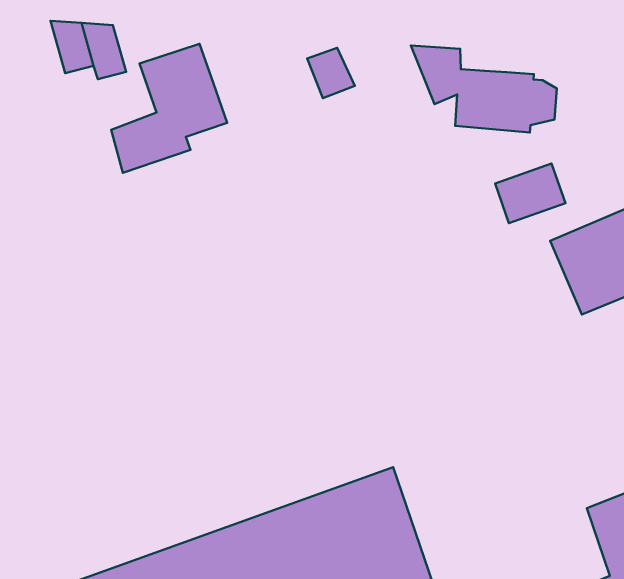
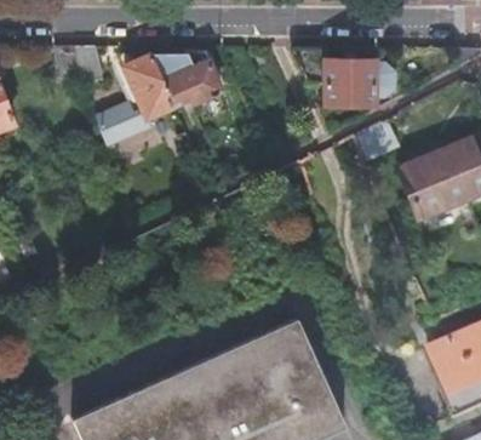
building: none -> [165,61,222,104]

